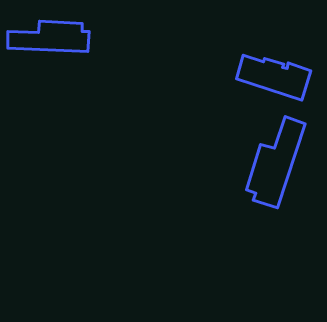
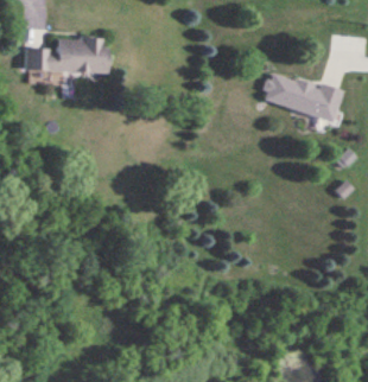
building: [246,116,305,208] -> none

